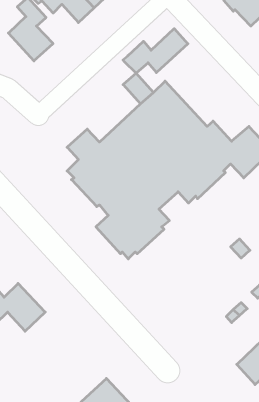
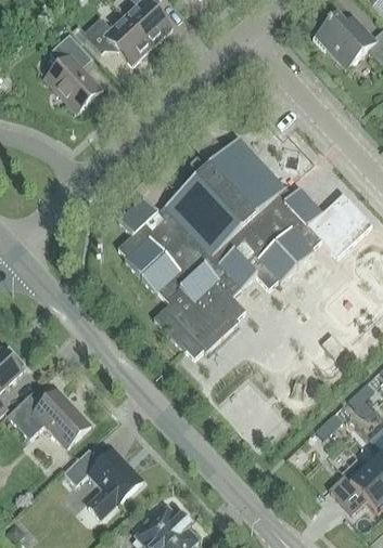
building: [123,29,188,73] -> none
building: none -> [64,448,143,520]

